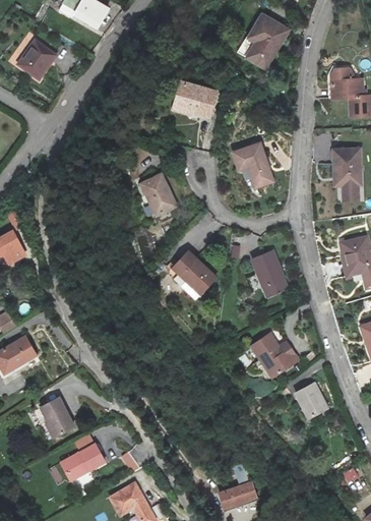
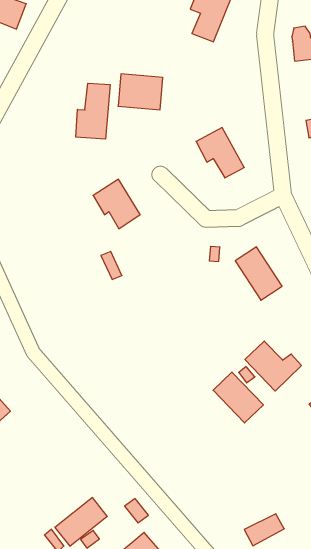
building: none -> [76,83,110,139]
building: [169,251,215,298] -> none
building: none -> [213,372,263,423]
building: [41,398,75,439] -> none

